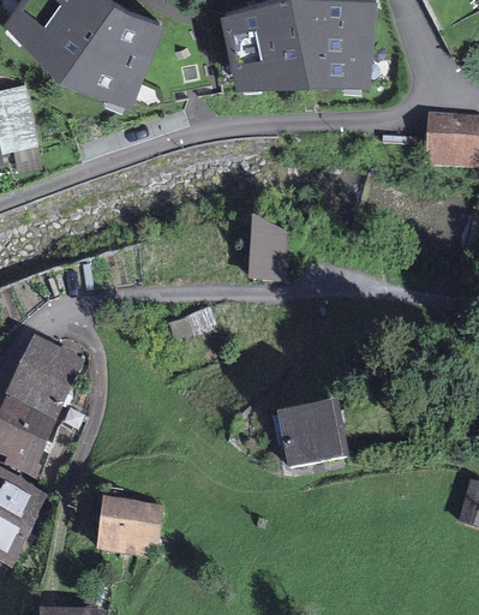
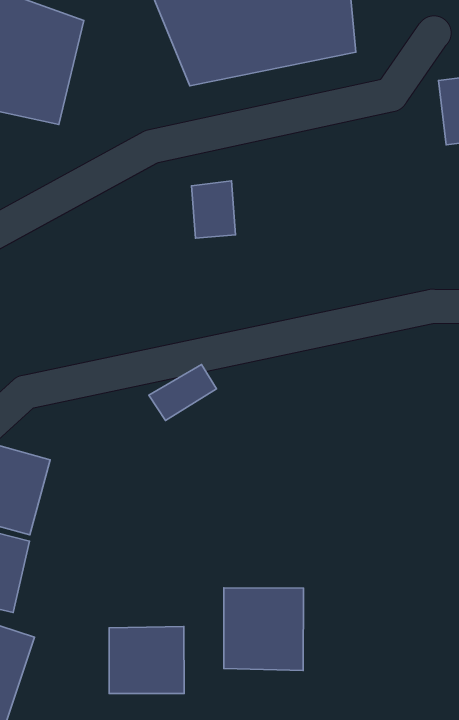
building: [251,237,286,280] -> [192,181,236,238]
building: [277,398,343,467] -> none
building: none -> [224,588,304,670]

